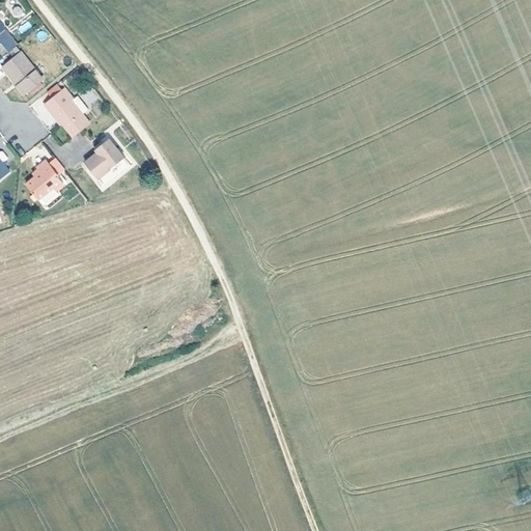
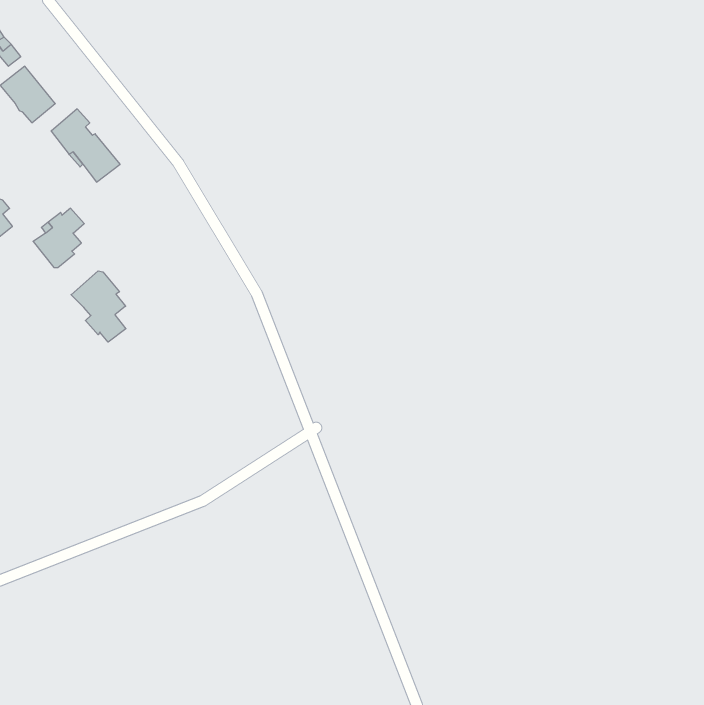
building: [83,136,122,178] -> none
building: none -> [71,271,126,342]

